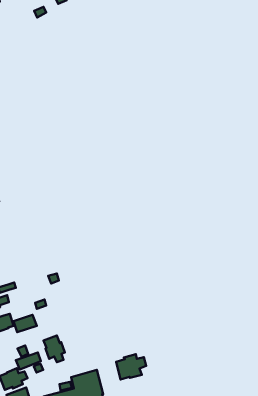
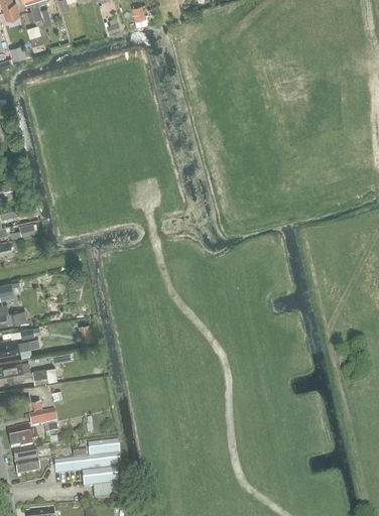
building: [43,336,65,362] -> none
building: [116,354,146,379] -> none

